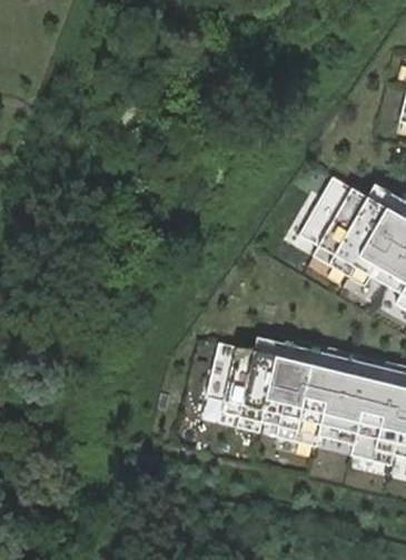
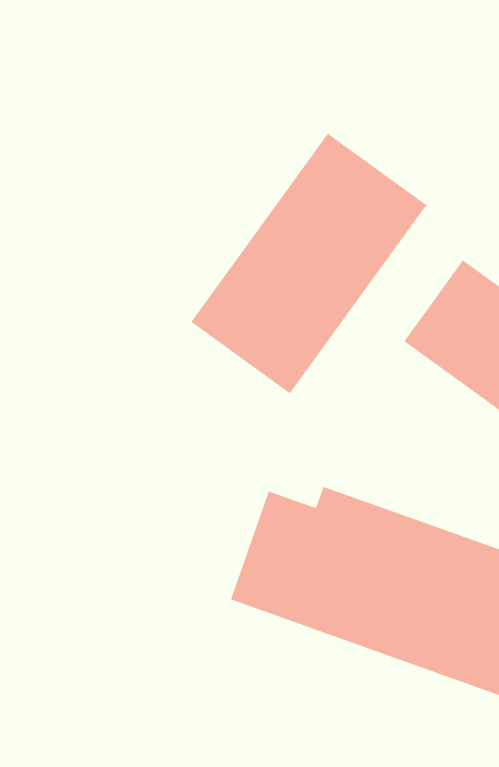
building: none -> [191,133,427,394]

